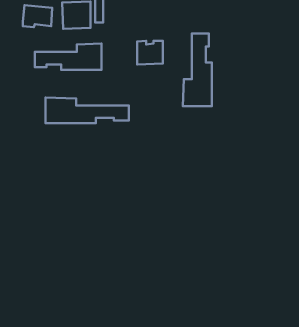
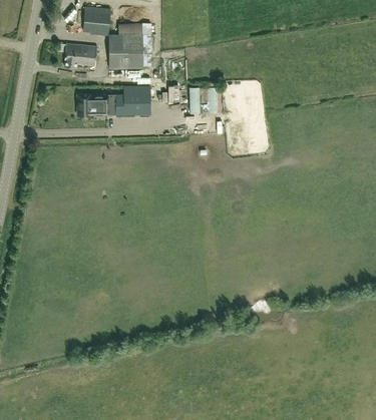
building: [183,33,212,106] -> none
building: [46,98,129,123] -> none

